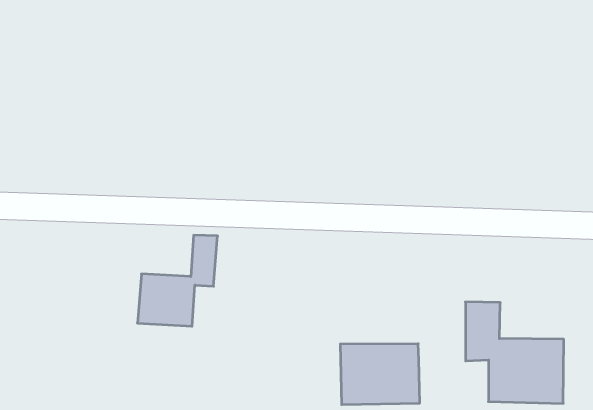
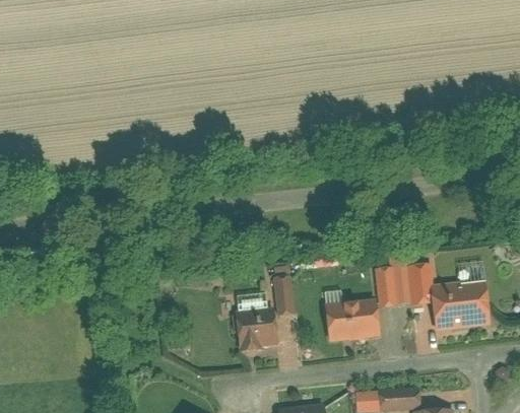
building: [137,235,218,326] -> [235,277,290,351]
building: none -> [372,249,412,306]

